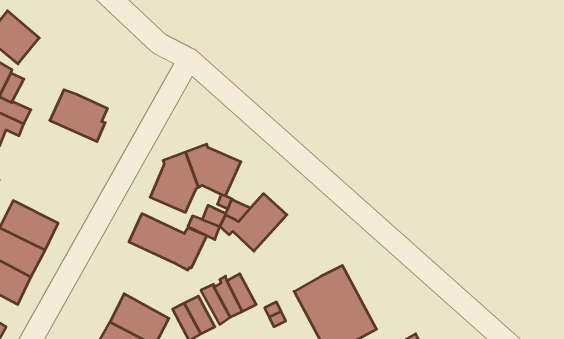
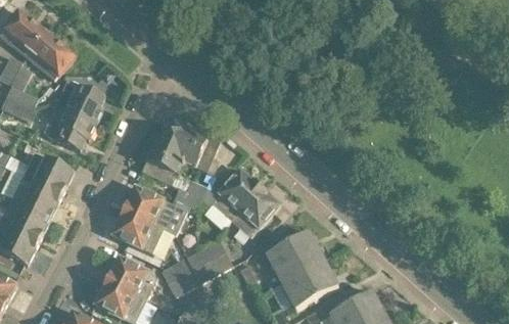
building: none -> [27,34,74,79]
building: none -> [42,105,95,150]
building: none -> [22,151,74,194]
building: none -> [231,187,279,236]
building: none -> [111,211,163,251]

